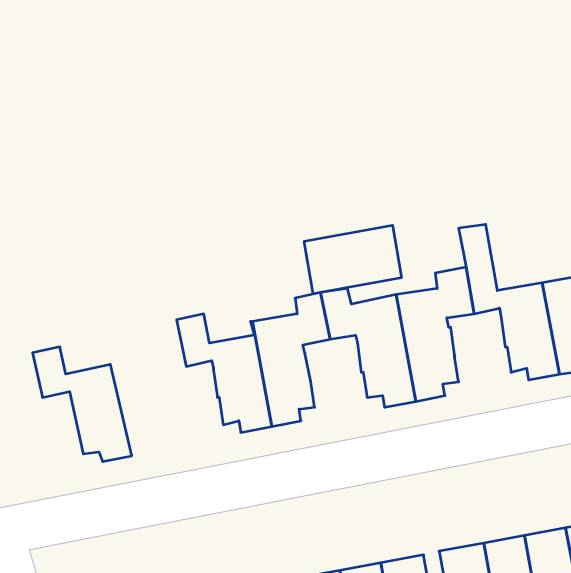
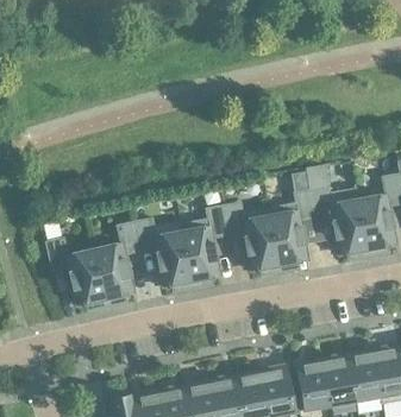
building: [304,225,401,294] -> none
building: none -> [95,221,142,304]

